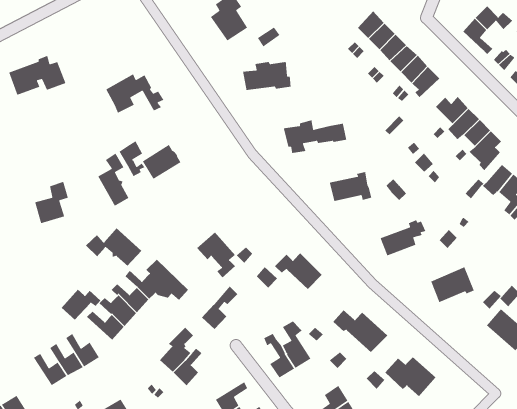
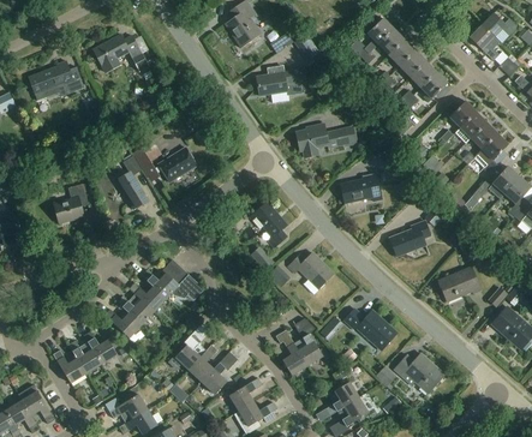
building: [105,73,165,114] -> [94,34,151,73]
building: [85,228,142,266] -> none
building: [196,232,236,279] -> [249,202,287,247]
building: [201,286,238,330] -> [202,351,238,394]
building: [61,289,101,320] -> none

